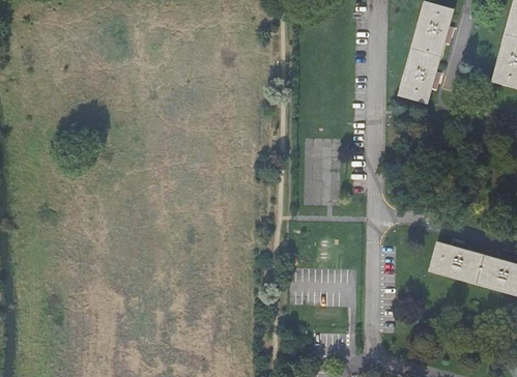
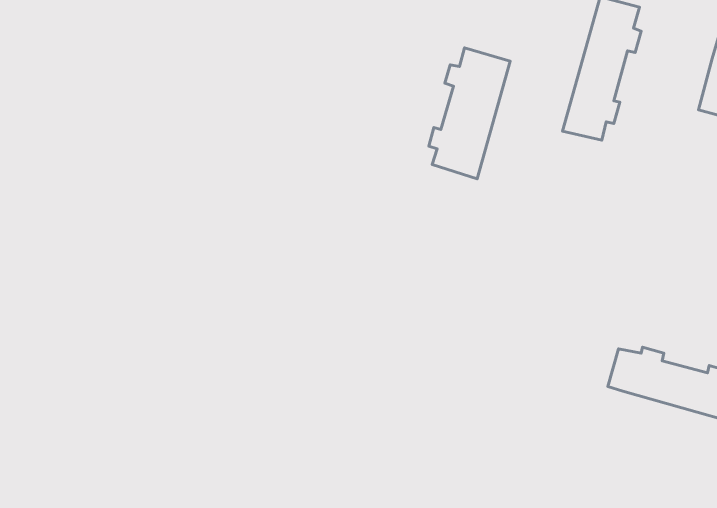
building: none -> [429,48,510,179]

